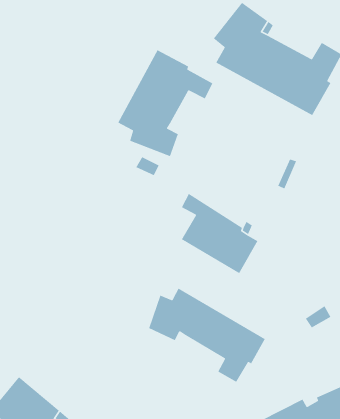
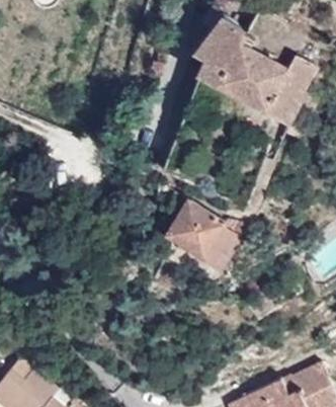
building: [117,49,213,157] -> none
building: [148,287,266,383] -> none

